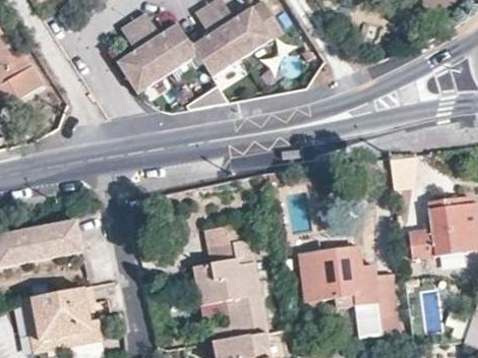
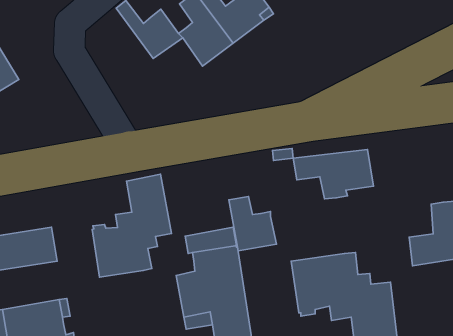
building: [117,18,170,88] -> none
building: none -> [293,149,374,199]
building: none -> [92,174,171,277]
building: none -> [229,197,277,251]

